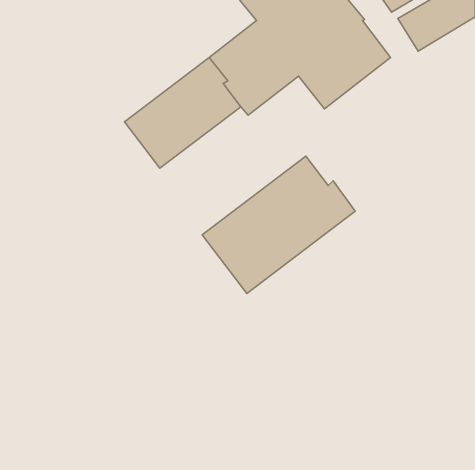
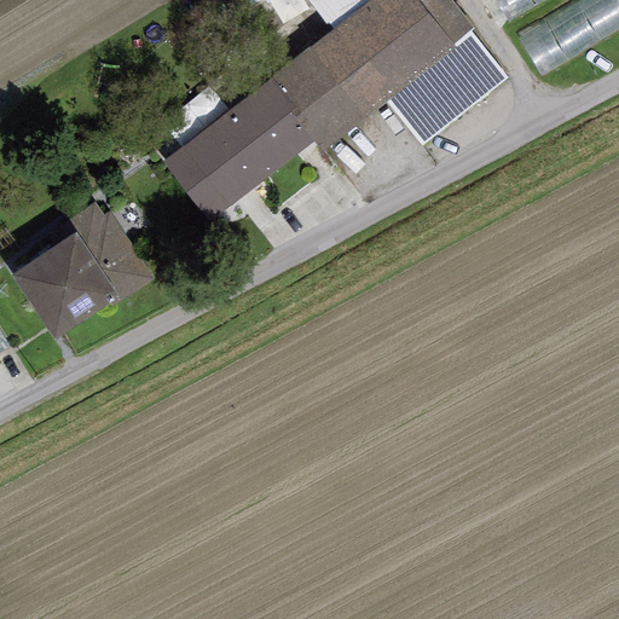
building: none -> [12,198,152,340]
building: [202,156,355,294] -> none

